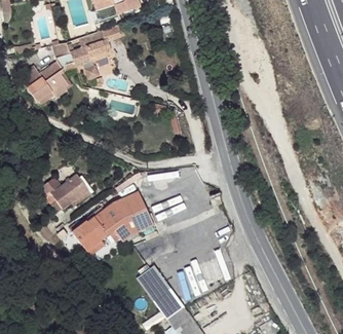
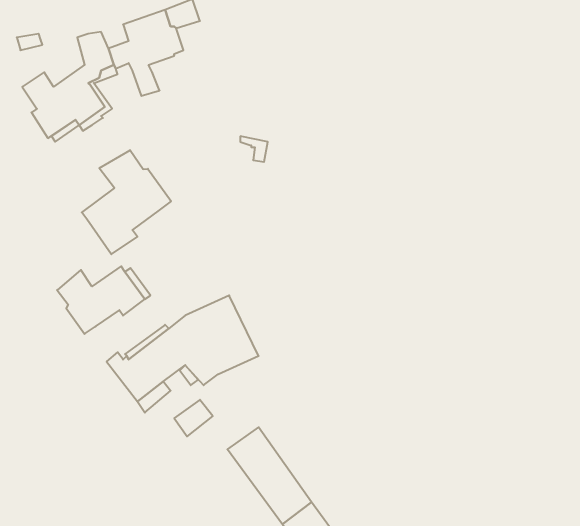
building: none -> [82,150,171,254]

